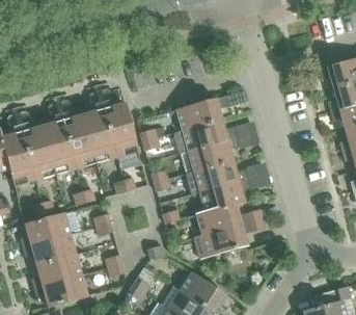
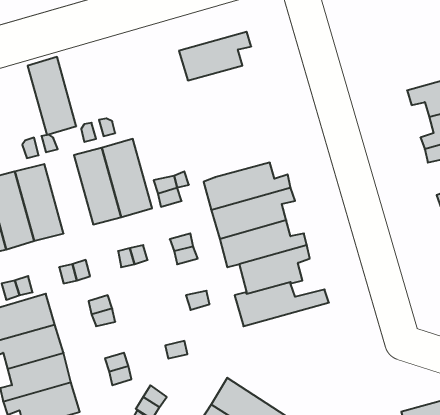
building: [177,95,228,129] -> [179,32,251,80]
building: [63,113,98,168] -> [28,57,76,135]
building: [193,217,266,258] -> none

